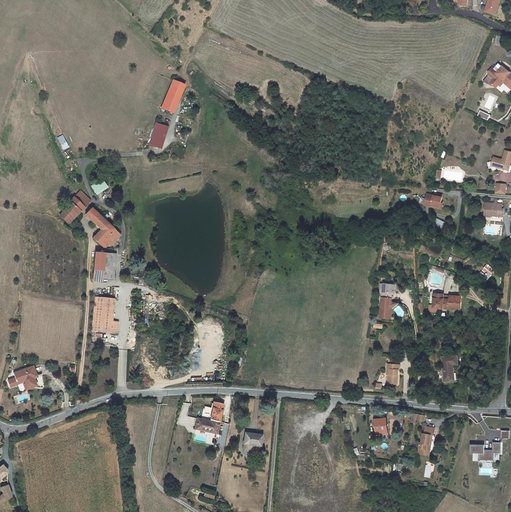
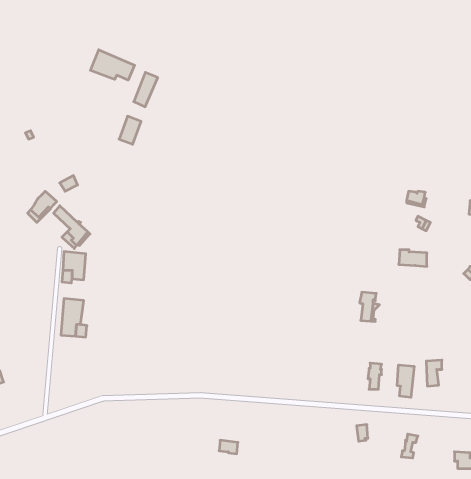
building: none -> [90,50,135,80]
building: [433,294,460,310] -> [399,250,427,266]
building: none -> [397,365,414,397]
building: [195,402,224,434] -> none

